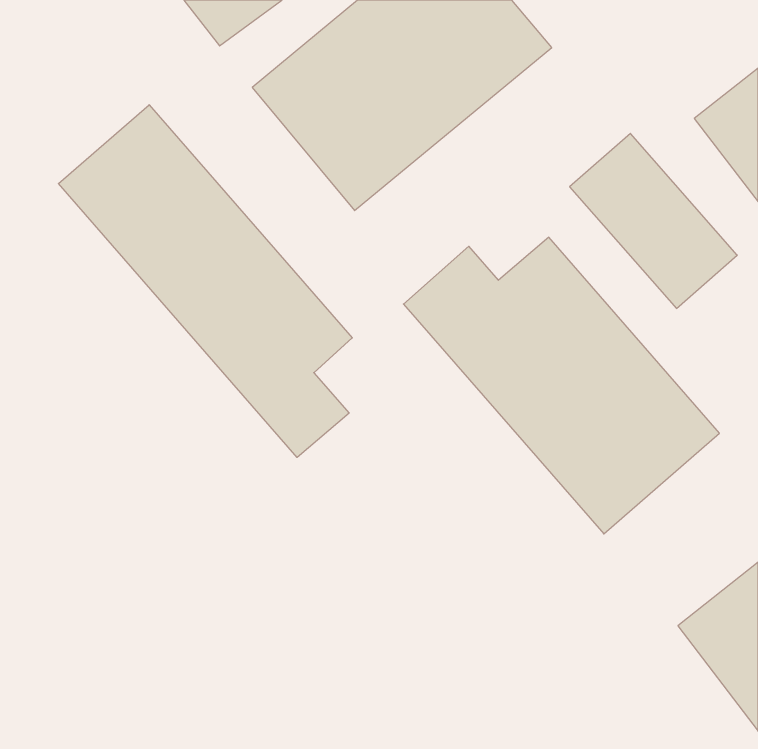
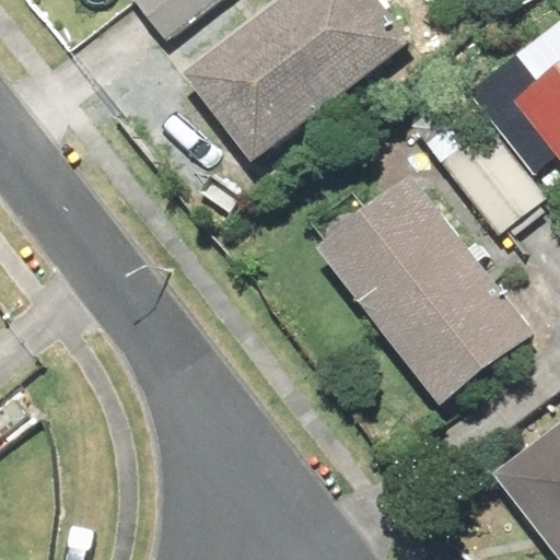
building: [58,105,352,457] -> none

